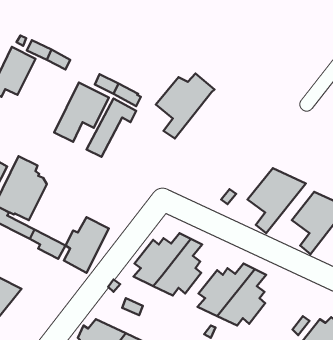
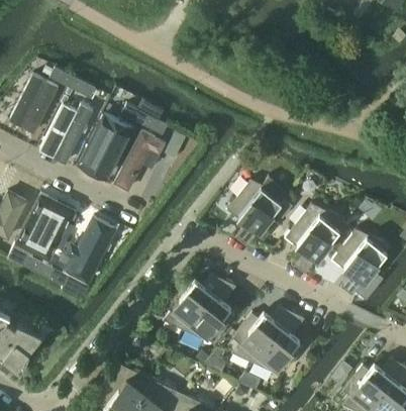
building: [156,73,214,138] -> [228,177,291,246]
building: none -> [40,105,95,165]
building: [64,217,109,273] -> [61,215,109,275]

